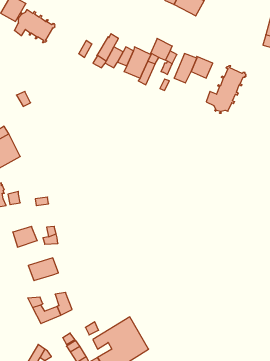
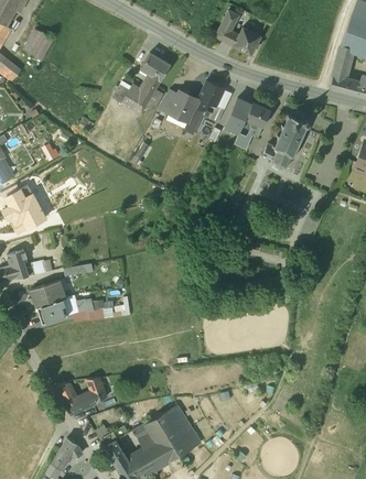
building: [14,10,55,43] -> none
building: none -> [141,53,171,80]
building: none -> [235,119,263,149]
building: [28,258,58,281] -> [31,280,66,306]

